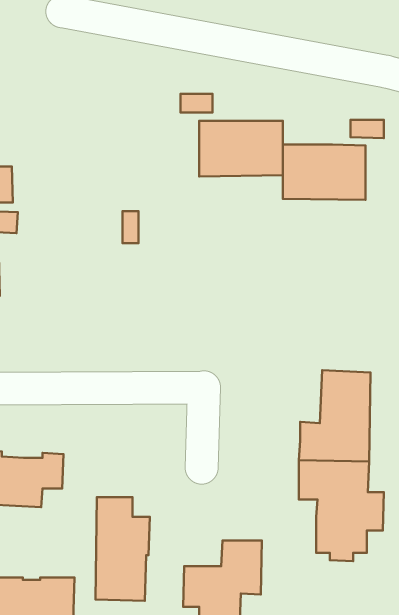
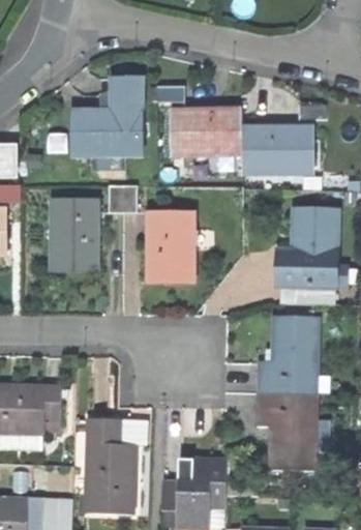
building: none -> [71,73,142,156]
building: none -> [52,199,99,270]
building: none -> [277,209,335,287]
building: none -> [147,210,193,283]

